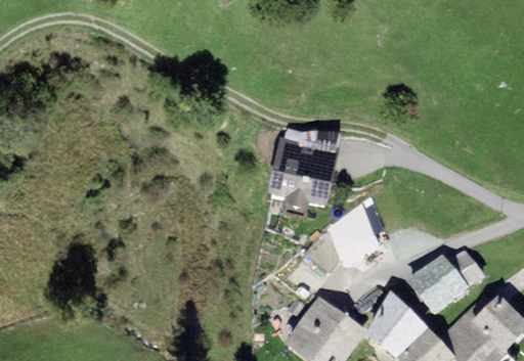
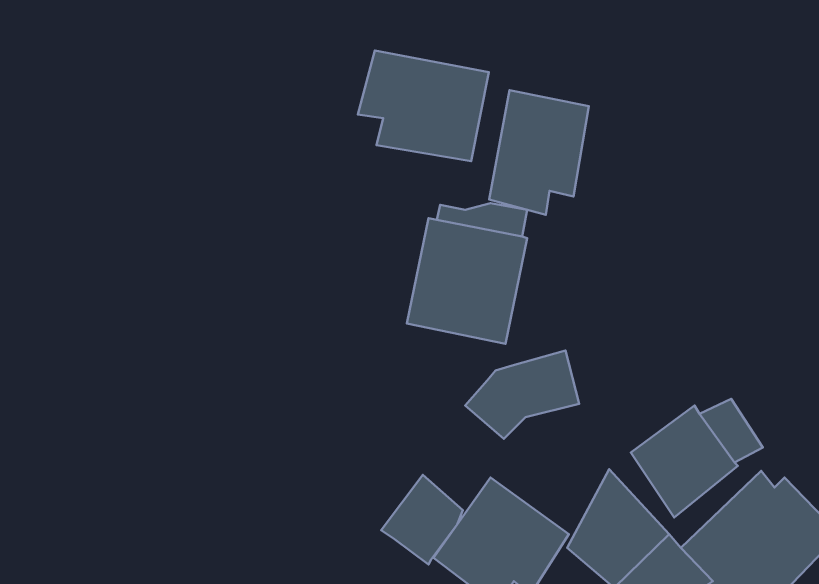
building: none -> [358,51,489,161]
building: none -> [489,90,589,215]
building: none -> [381,475,463,564]

